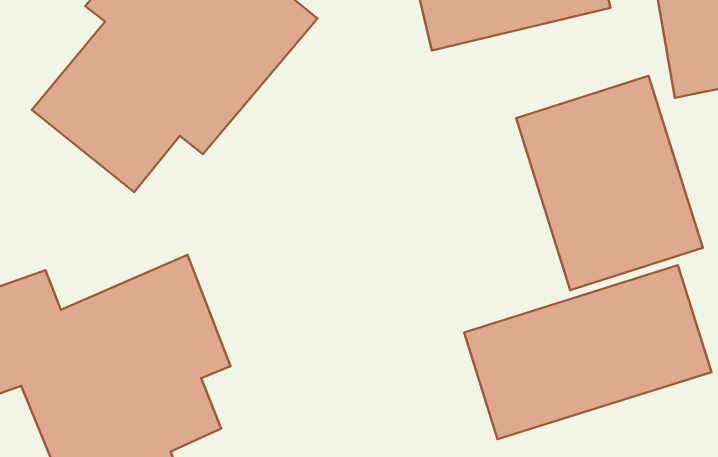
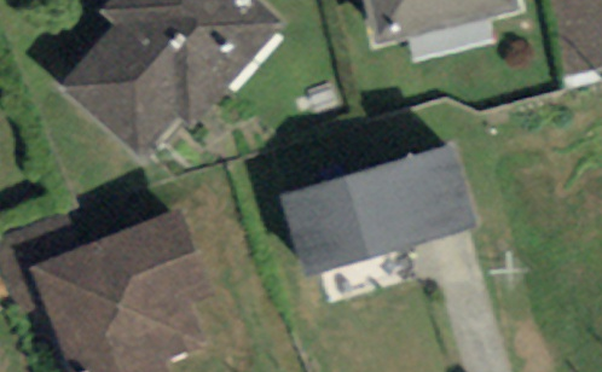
building: [516,76,703,290] -> none
building: [464,265,711,439] -> [280,140,476,278]

